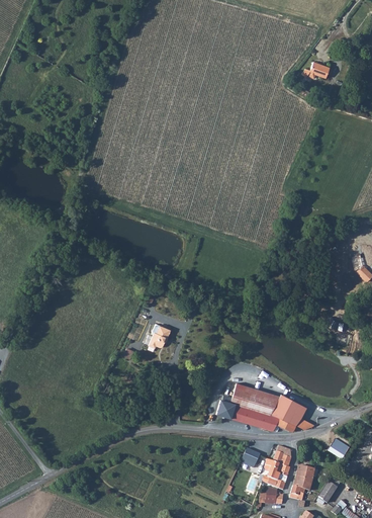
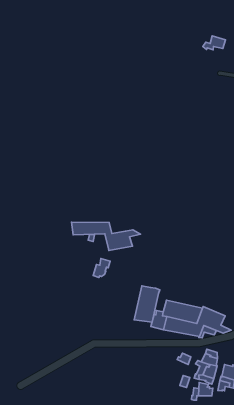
building: none -> [72,222,141,251]
building: none -> [134,286,160,322]

